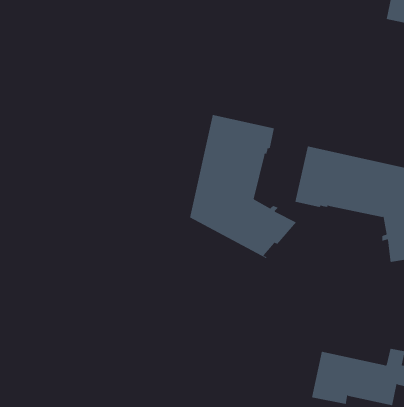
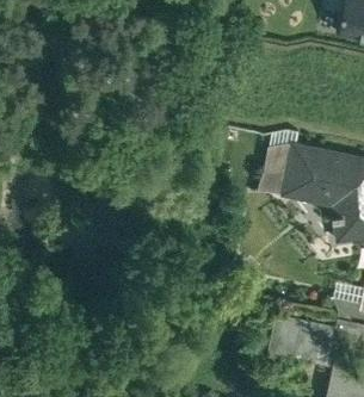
building: [189,114,297,259] -> none

